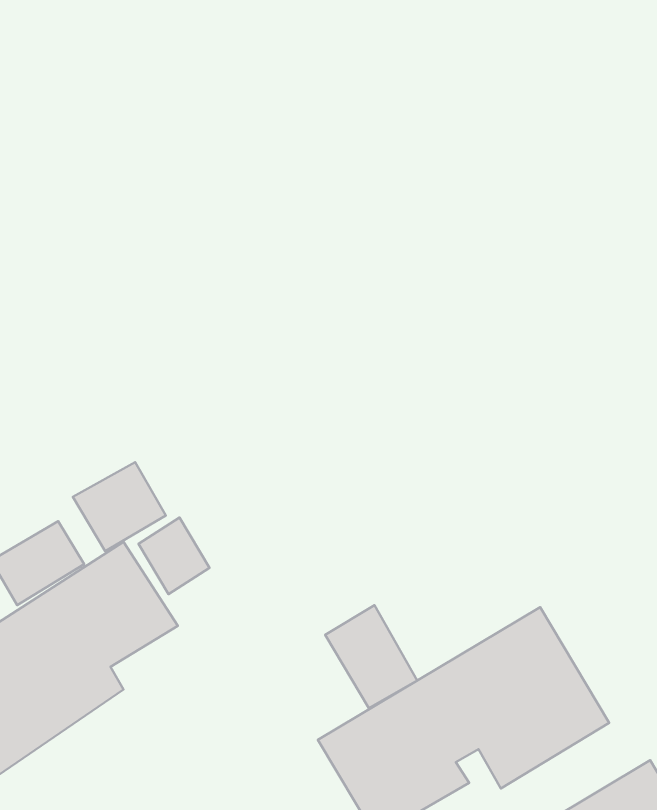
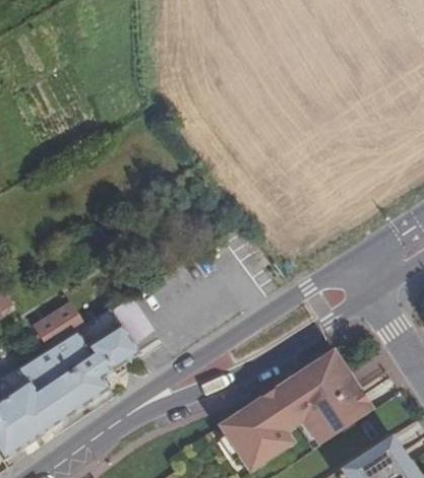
building: [73,462,166,551] -> none
building: [325,605,417,708] -> none

